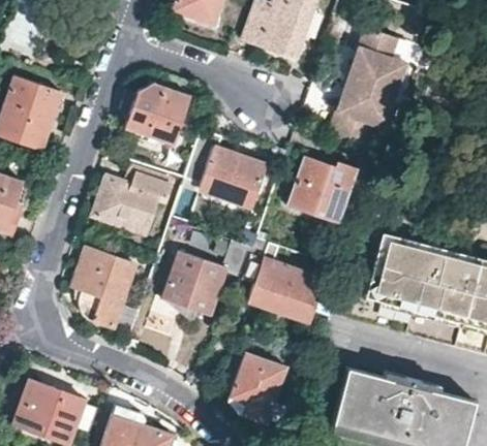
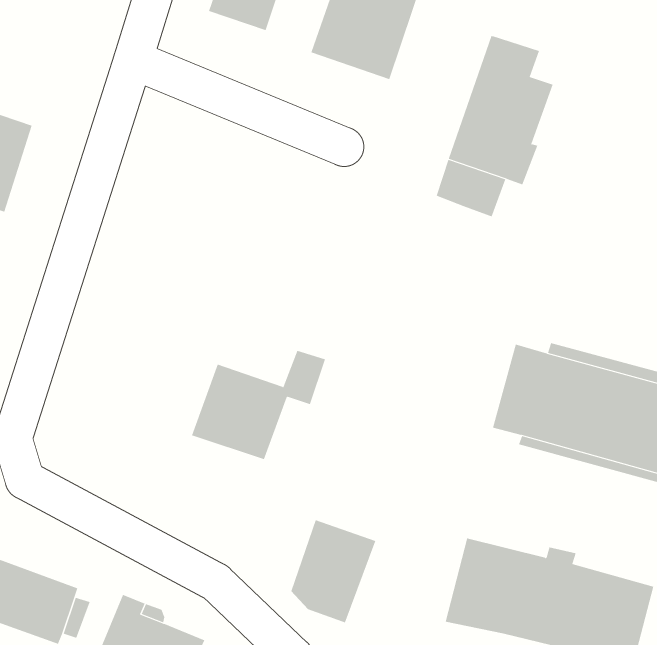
building: [126,85,189,146] -> none
building: [182,131,266,206] -> none
building: [288,158,357,224] -> none
building: [98,177,161,232] -> none
building: [243,238,328,322] -> none
building: [75,249,134,314] -> none

